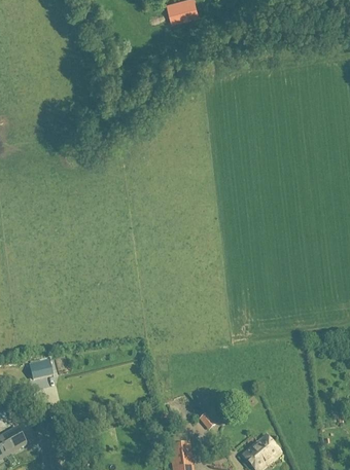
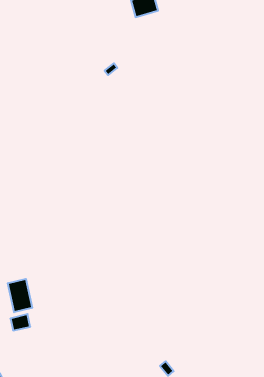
building: none -> [8,279,32,312]

